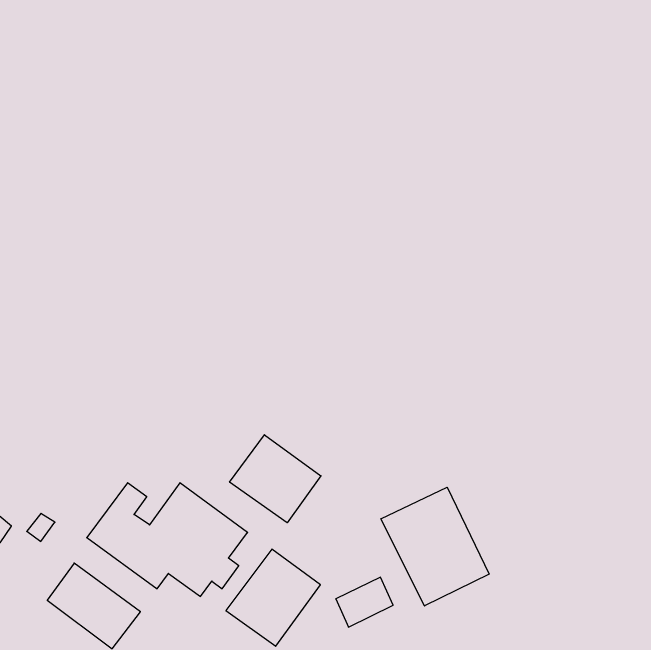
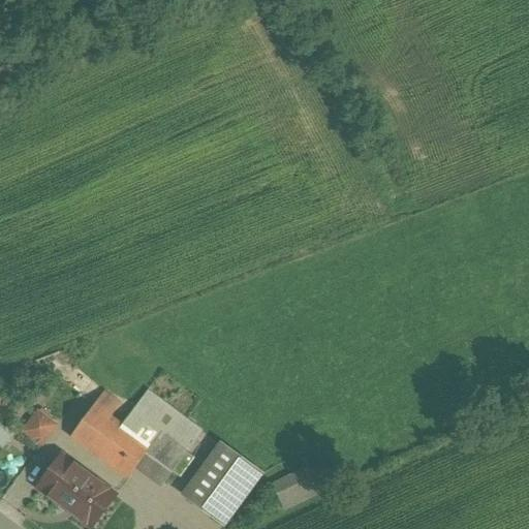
building: [230,435,321,523] -> none
building: [381,487,489,606] -> none

